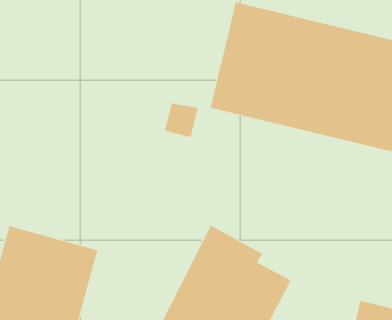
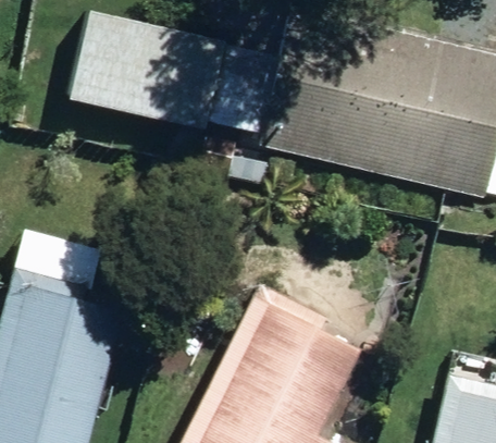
building: none -> [63,15,225,133]

